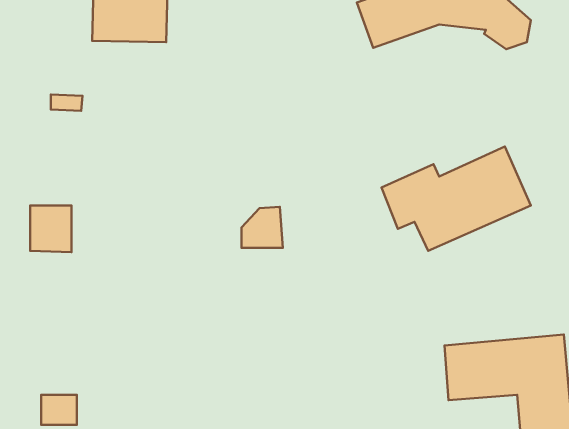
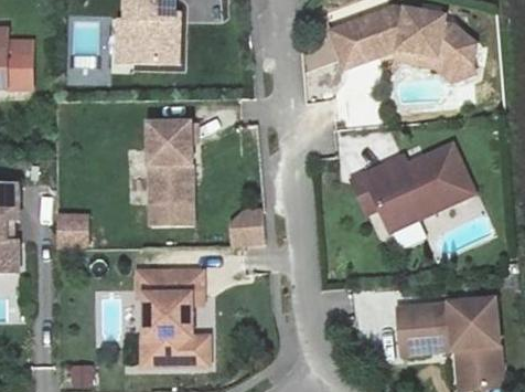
building: none -> [152,109,196,212]
building: none -> [143,258,206,353]

